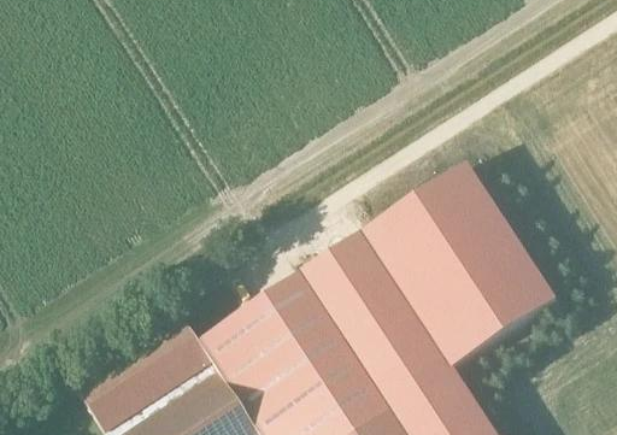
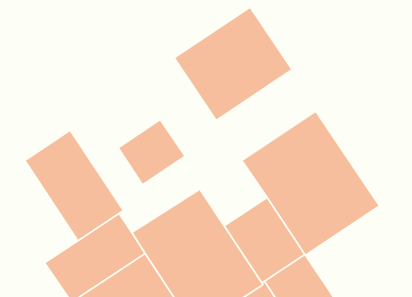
building: none -> [174,7,292,120]
building: none -> [25,130,123,241]
building: [298,234,394,328] -> [118,119,185,185]

